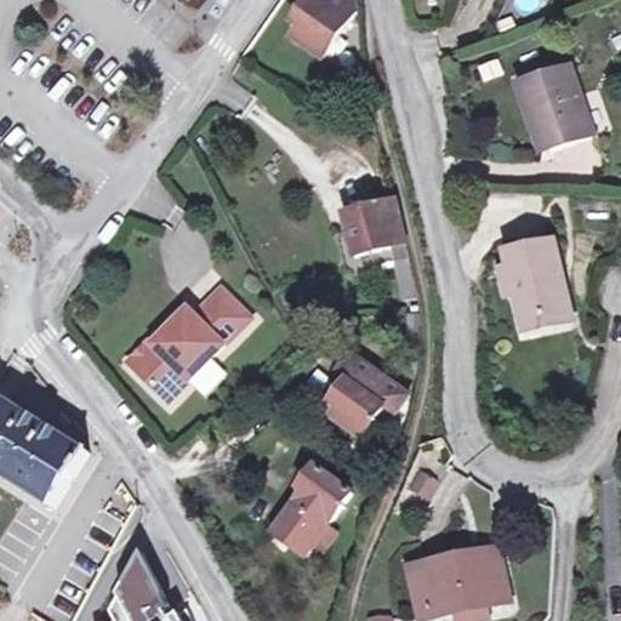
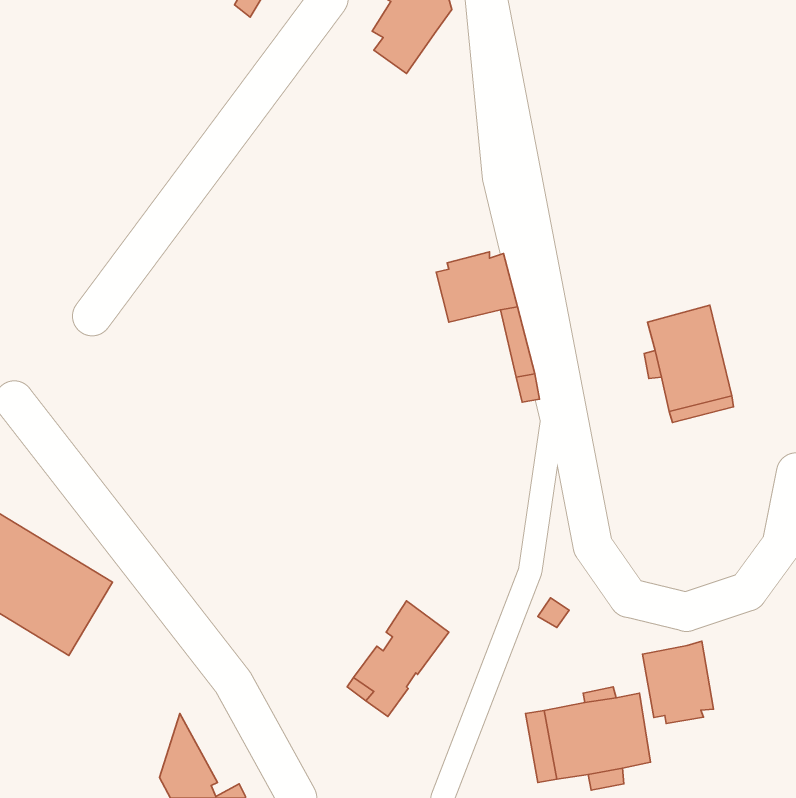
building: [515,59,589,139] -> none
building: [124,287,246,400] -> none
building: [332,353,406,438] -> none
building: none -> [642,641,714,724]

